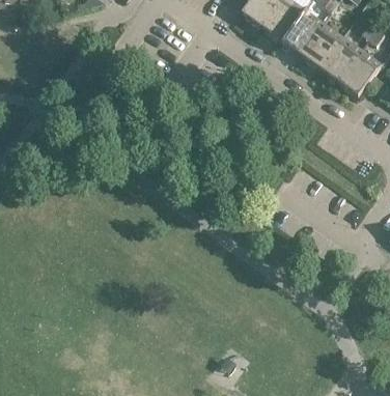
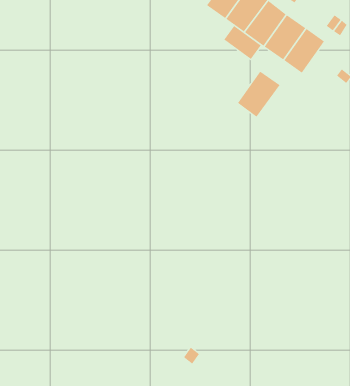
building: none -> [224,25,262,60]
building: [336,49,380,95] -> [237,71,281,117]

